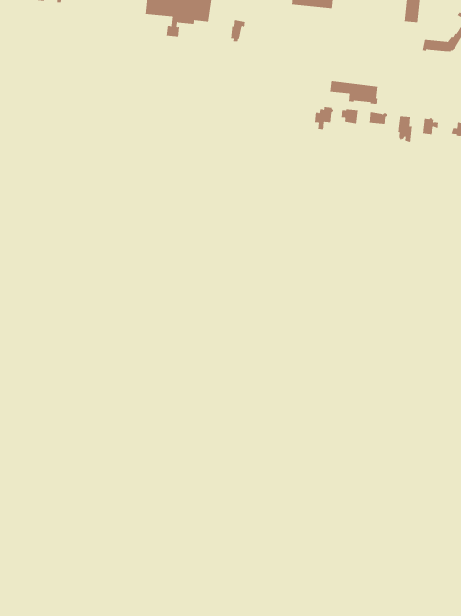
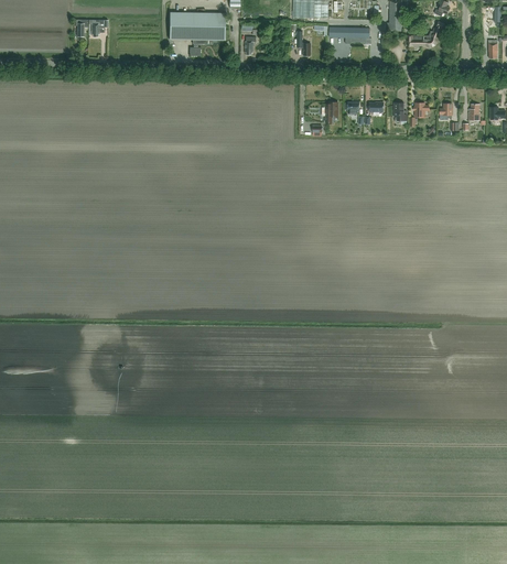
building: [330,80,378,105] -> [328,28,370,44]

